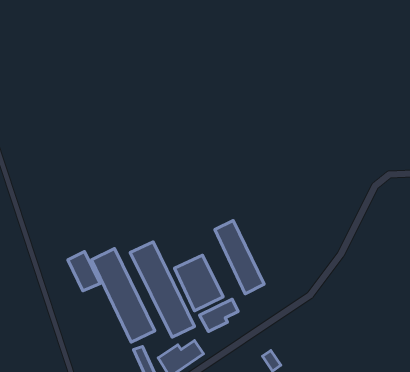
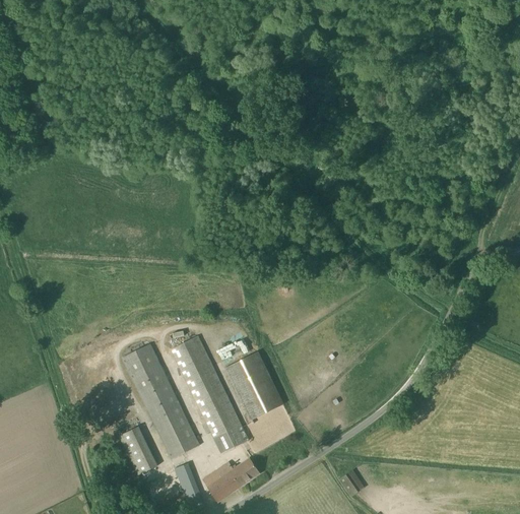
building: [215,220,264,294] -> none
building: [68,251,100,291] -> [119,426,158,474]
building: [199,299,238,332] -> none

